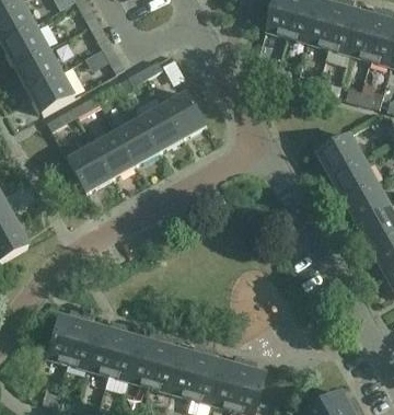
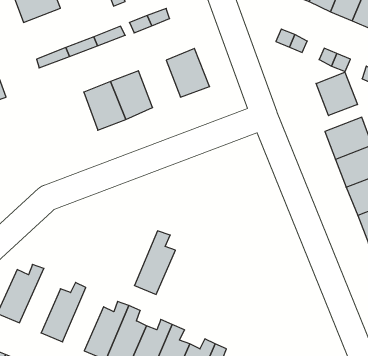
building: [32,73,78,116] -> none
building: none -> [316,72,357,116]
building: [142,107,184,152] -> none
building: [70,147,113,193] -> none
building: [66,312,99,371] -> none
building: [107,324,140,382] -> [134,231,175,294]

